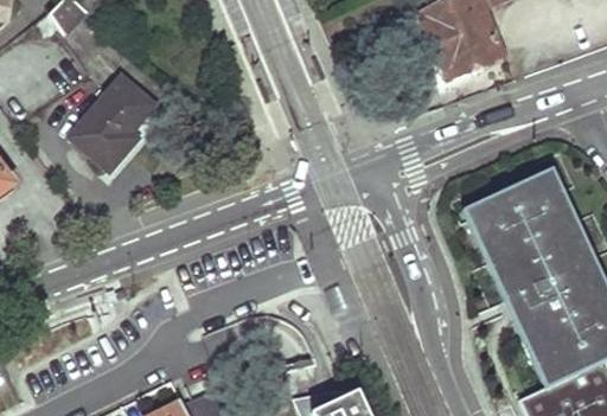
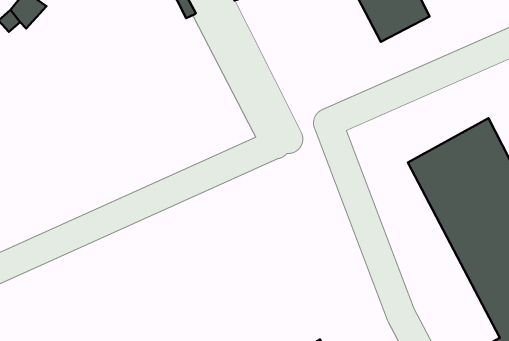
building: [70,76,153,168] -> none

